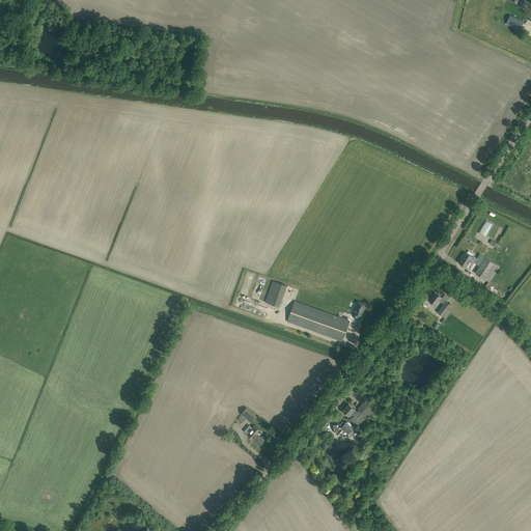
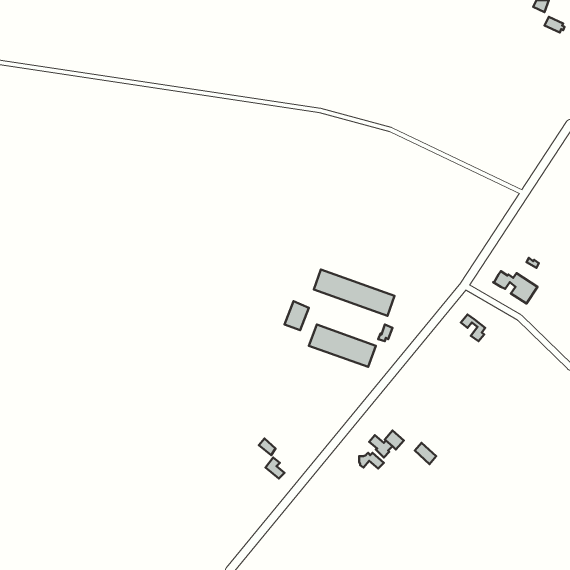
building: none -> [314,269,394,316]

